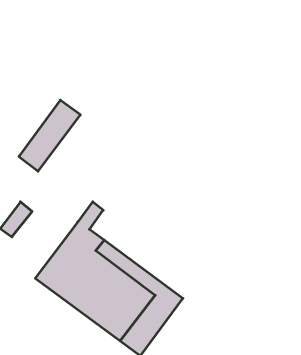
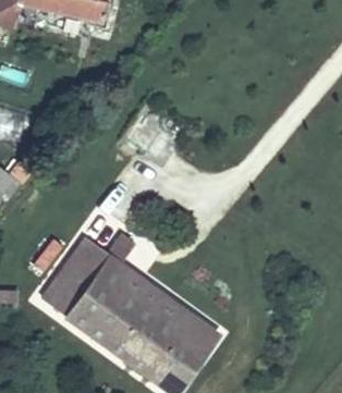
building: [19,100,80,171] -> [45,240,108,312]

